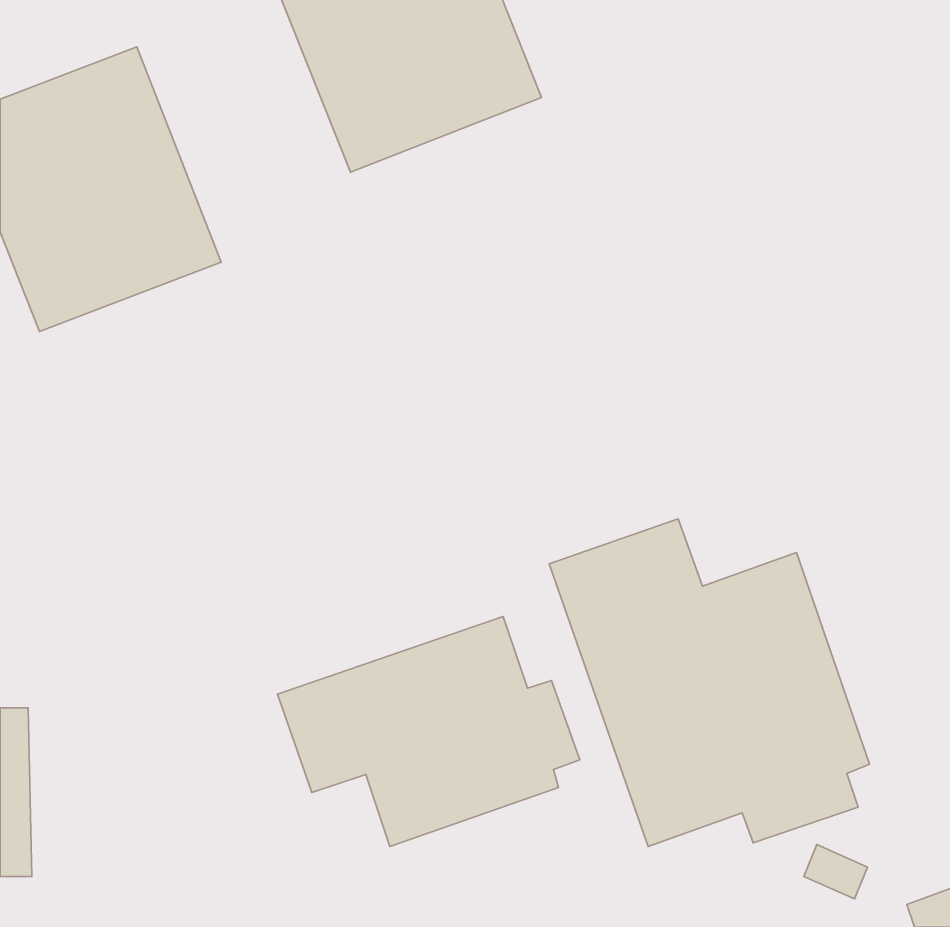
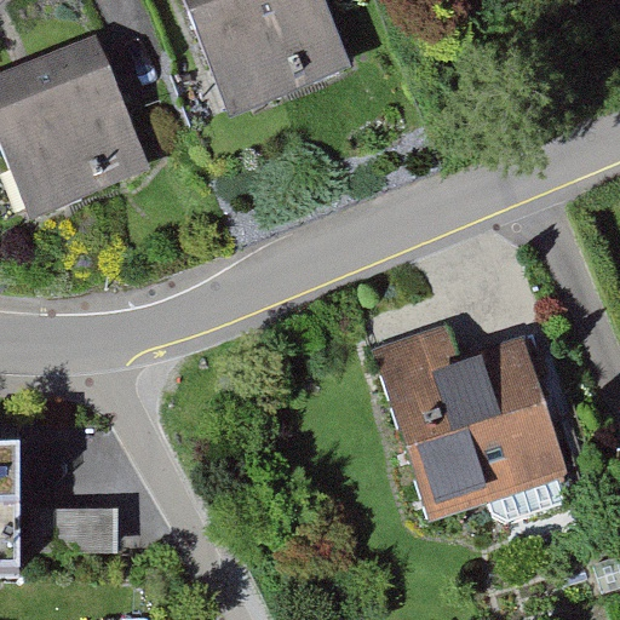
building: [277,616,580,846] -> none

